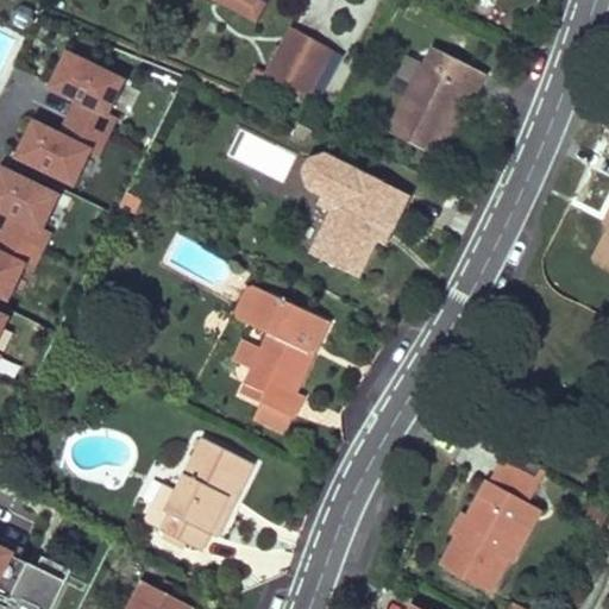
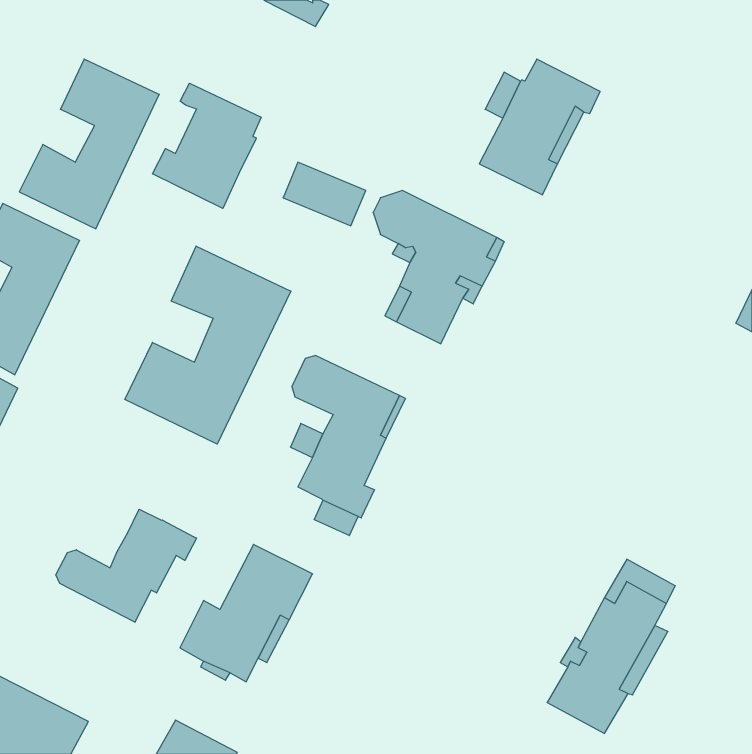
building: [259,29,329,99] -> none
building: none -> [153,83,261,208]
building: none -> [125,246,291,444]
building: none -> [56,509,197,622]

